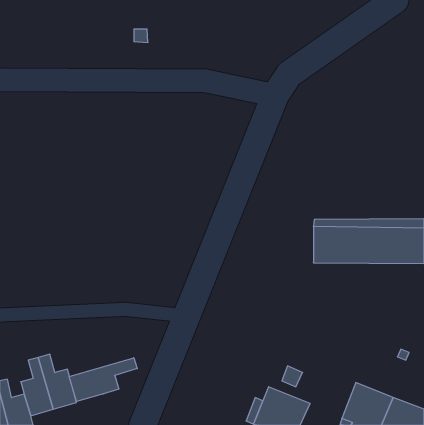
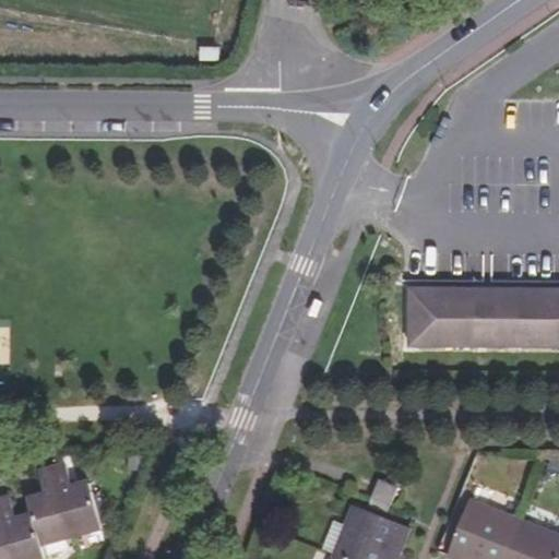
building: [69,358,137,401] -> none

